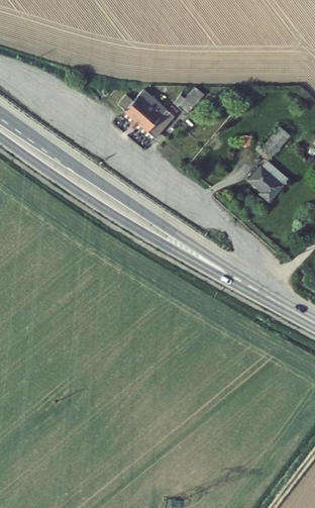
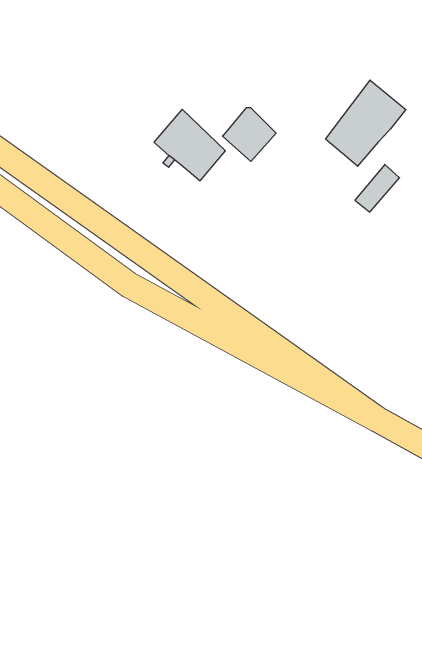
building: none -> [326,80,406,166]
building: [250,160,288,201] -> none

